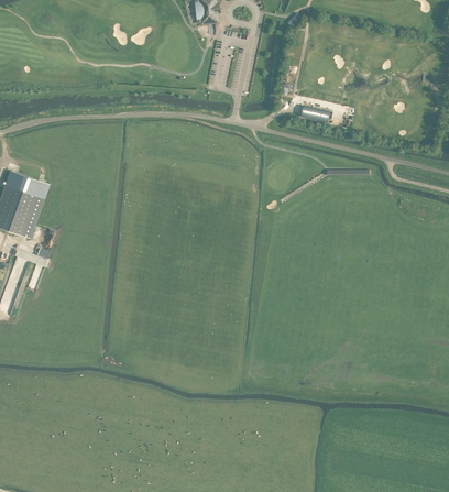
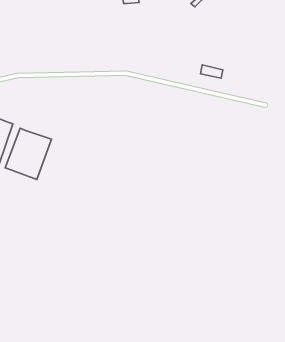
building: none -> [5,128,52,180]

